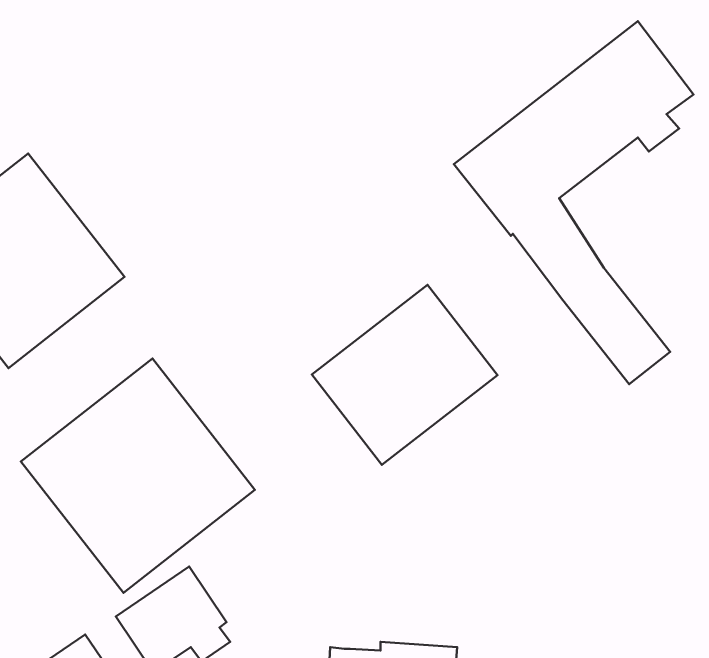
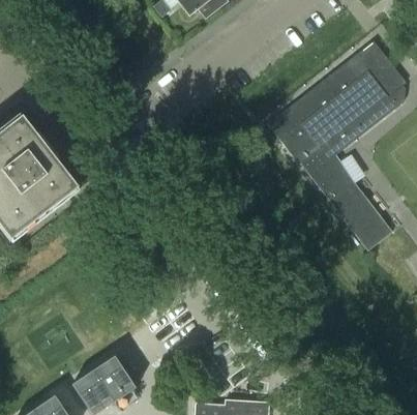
building: [312,285,497,465] -> none
building: [21,359,255,593] -> none

